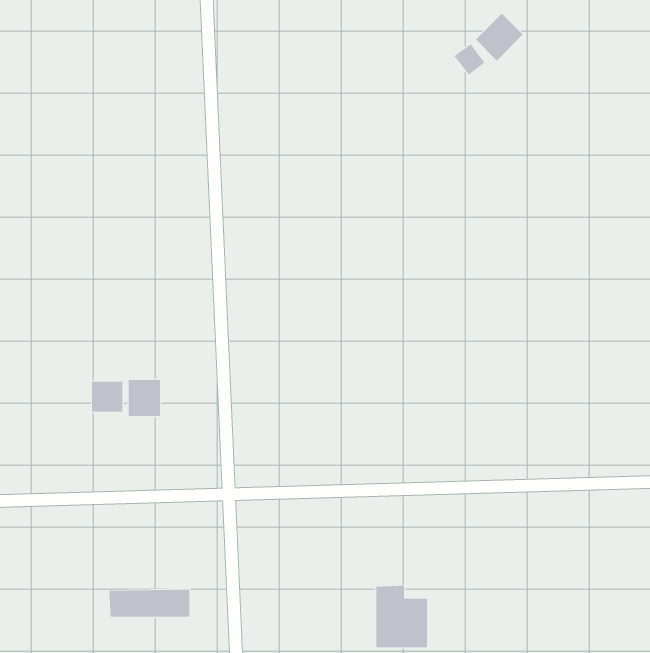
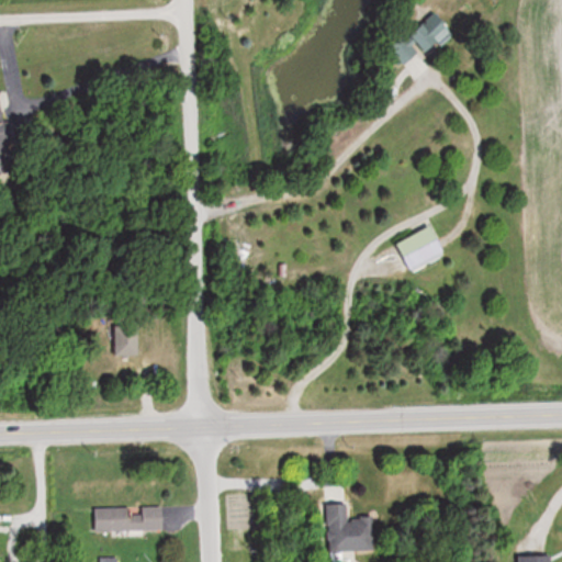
building: none -> [397,226,448,271]
building: [91,381,123,412] -> none

